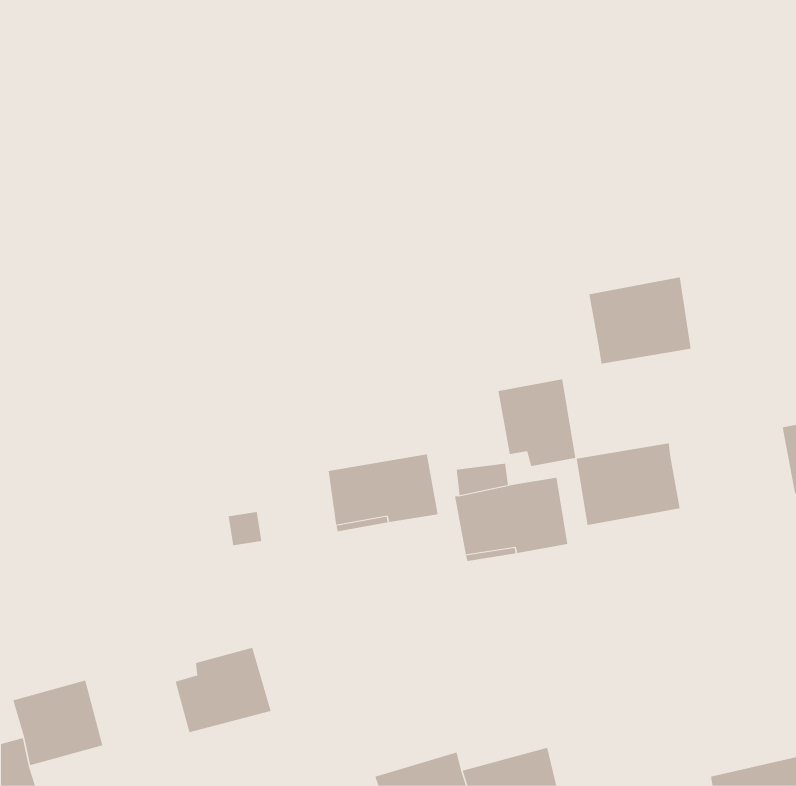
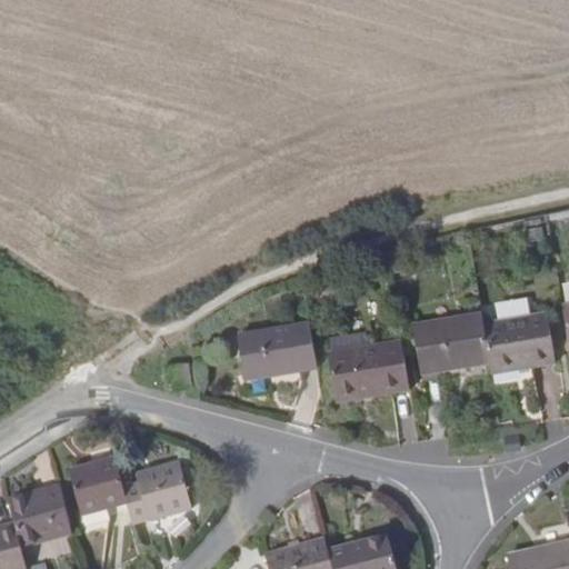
building: [588,277,691,364] -> [479,313,552,376]
building: [498,378,576,467] -> none
building: none -> [72,457,130,515]

